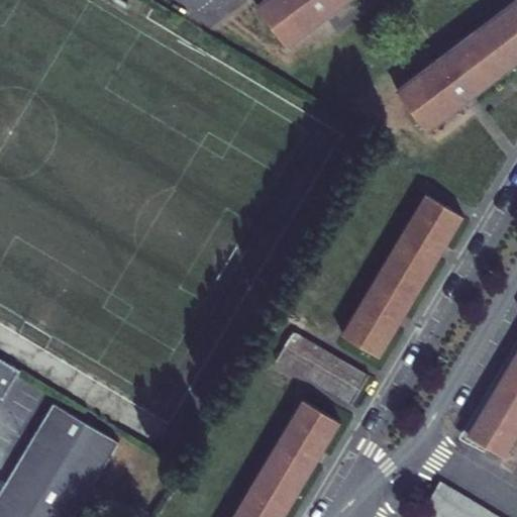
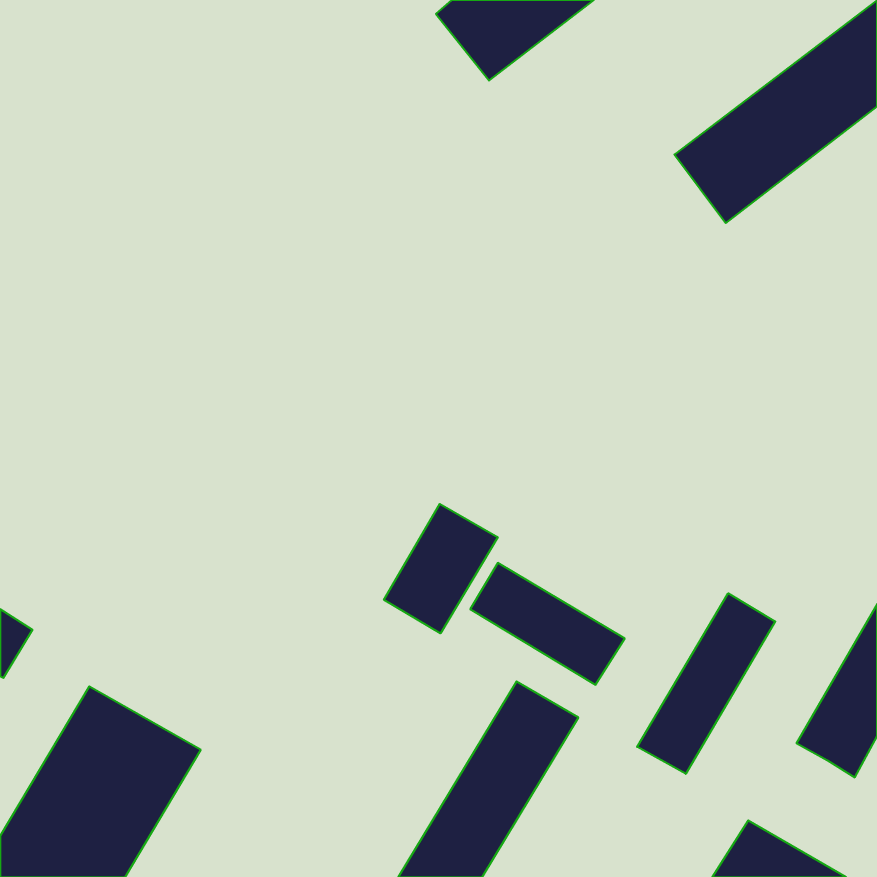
building: [344,195,461,356] -> none
building: none -> [384,504,498,633]
building: none -> [637,593,775,774]

